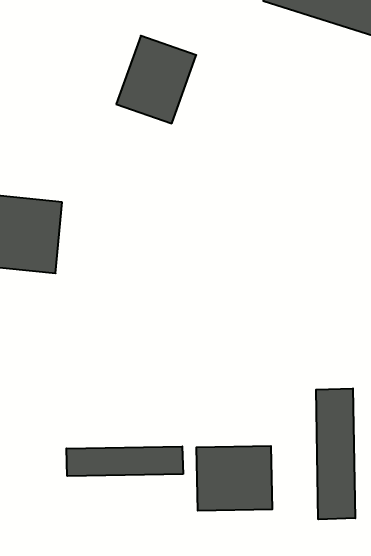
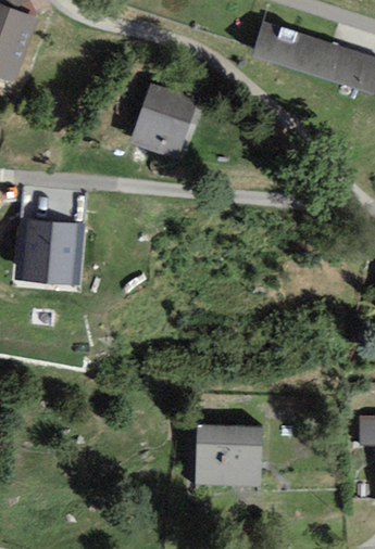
building: [316,388,355,519] -> none
building: [66,446,183,476] -> none

